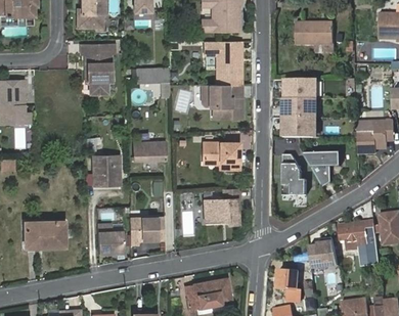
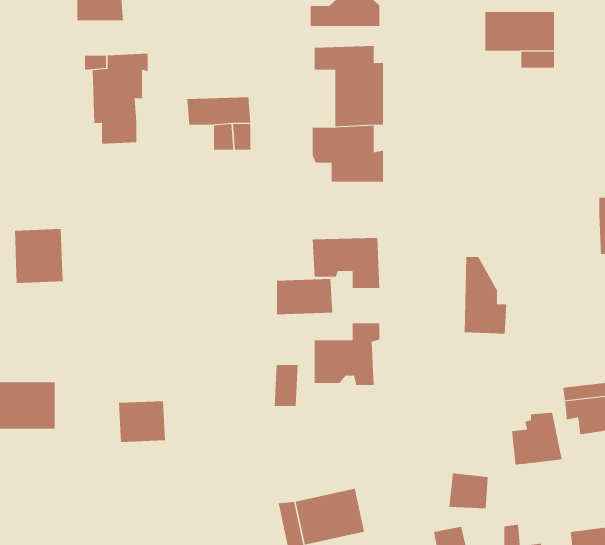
building: [285,78,315,137] -> none
building: [134,141,165,161] -> [276,279,333,315]
building: [302,152,344,188] -> none
building: [93,155,120,185] -> [14,228,63,284]
building: [129,216,164,245] -> none

